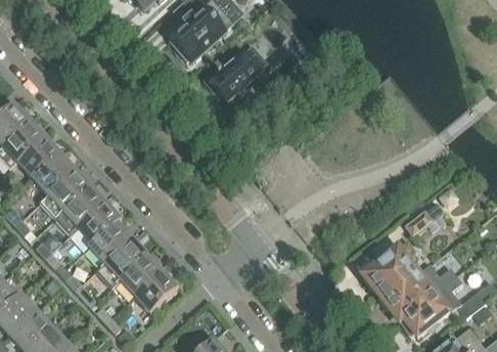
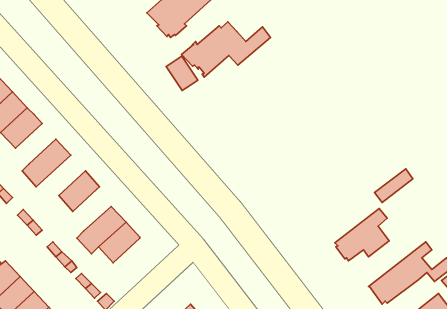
building: none -> [166,56,198,90]
building: [32,150,74,192] -> none
building: [53,183,104,232] -> none
building: [87,219,131,262] -> none
building: [376,262,456,319] -> none
building: [133,269,176,311] -> none

